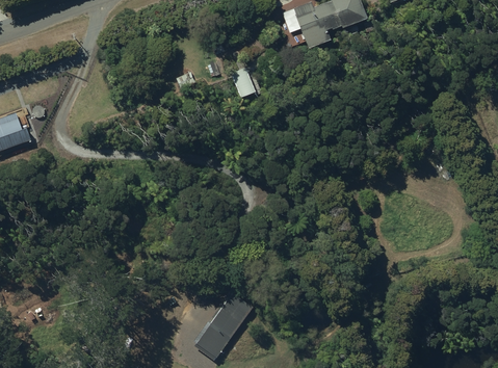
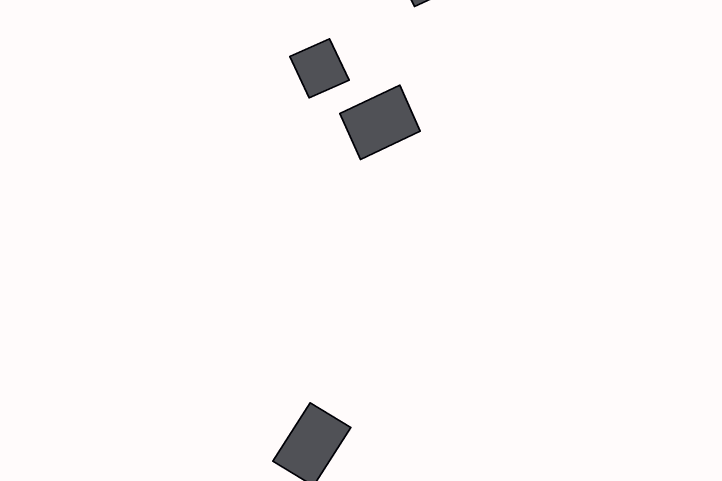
building: none -> [340,85,420,159]

